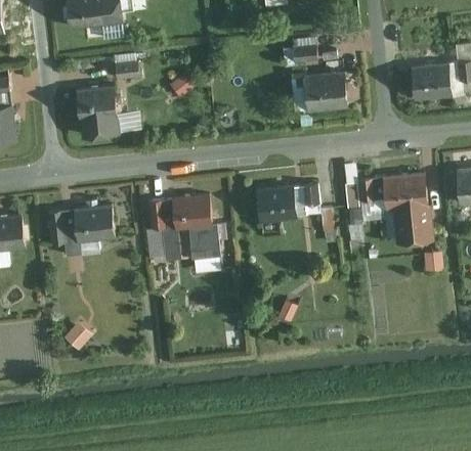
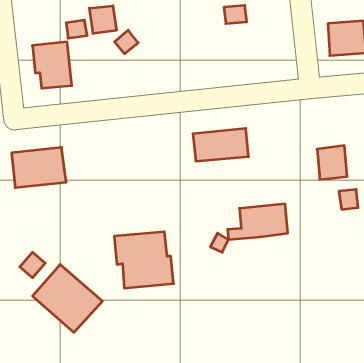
building: none -> [89,6,116,34]
building: [304,70,347,112] -> none
building: [359,170,427,210] -> [228,204,288,239]
building: [154,194,220,258] -> [114,232,174,288]
building: none -> [33,264,102,332]

